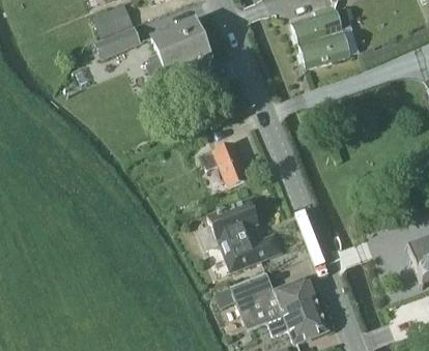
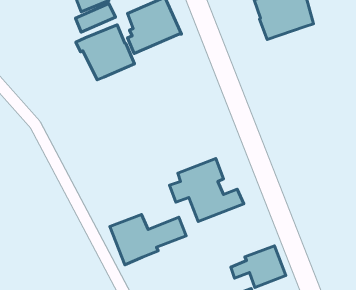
building: none -> [76,25,134,80]
building: [202,141,250,187] -> none
building: [231,273,316,329] -> [110,215,186,265]

